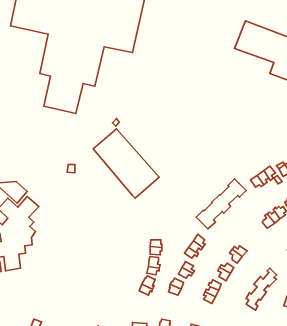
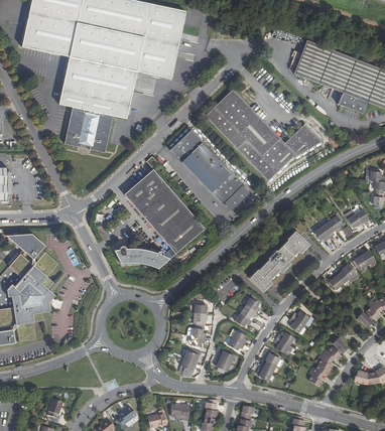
building: none -> [207,90,318,178]
building: none -> [170,130,249,210]
building: none -> [112,246,169,267]

